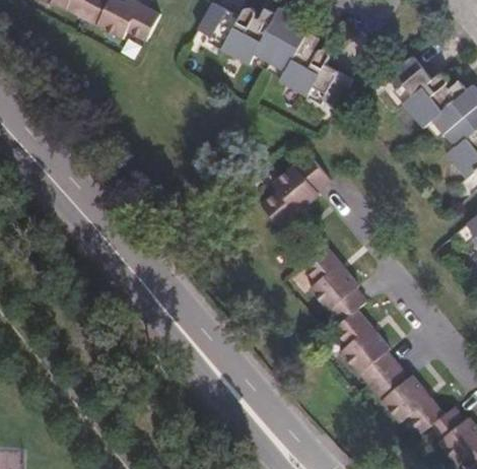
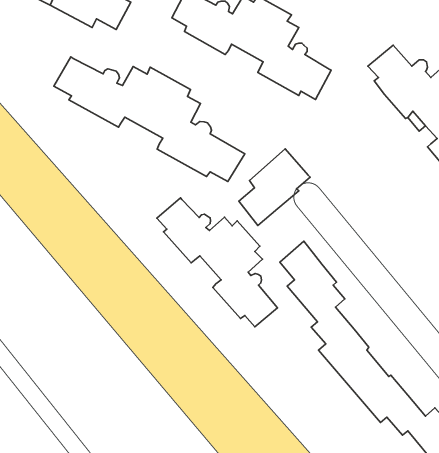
building: none -> [54,57,245,182]
building: none -> [157,198,278,327]

